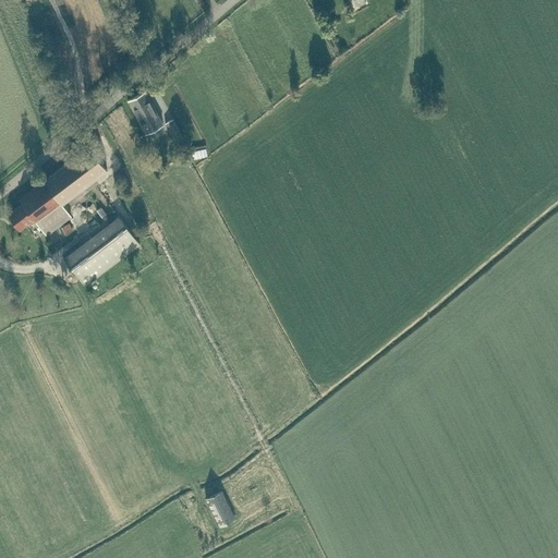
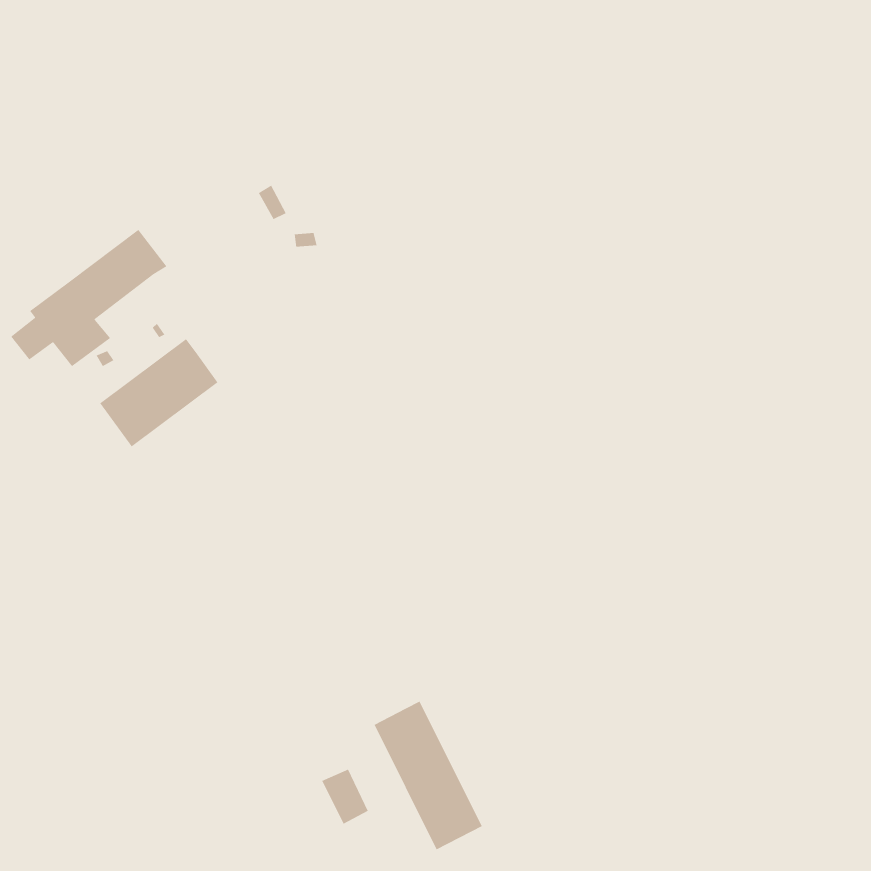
building: [129,93,163,134] -> none
building: none -> [373,701,483,850]

